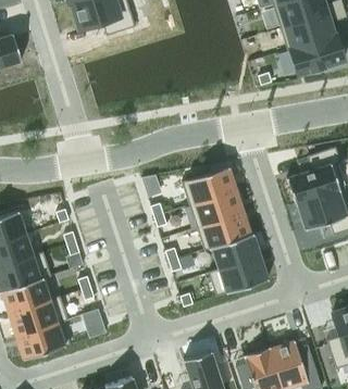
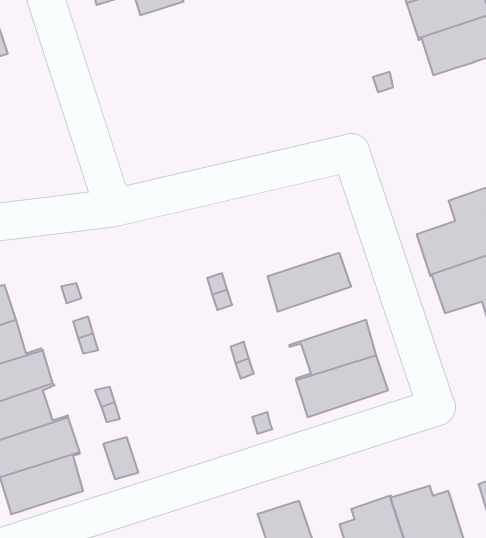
building: [182,165,236,204] -> none
building: [196,211,253,249] -> none

